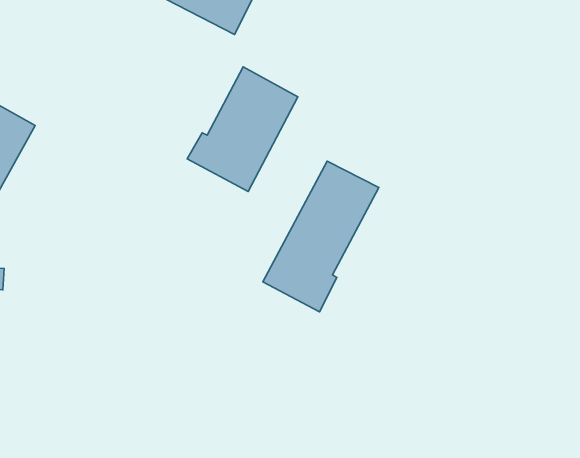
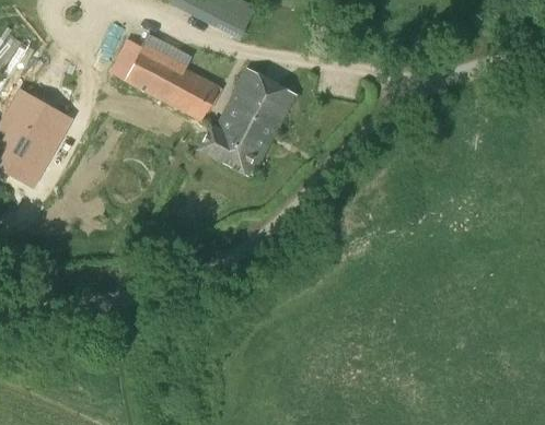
building: none -> [124,43,220,119]
building: [263,161,379,312] -> none

